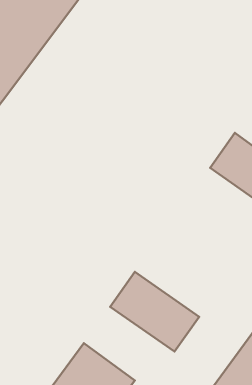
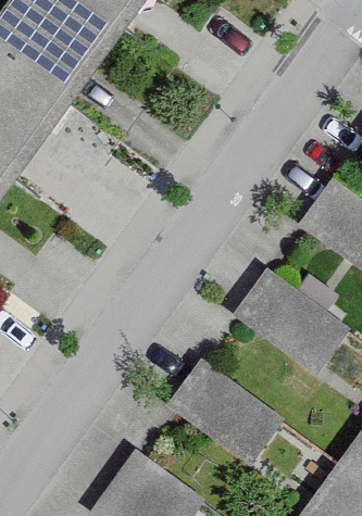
building: none -> [235,270,349,374]

